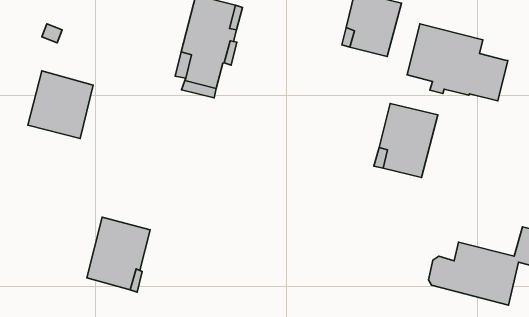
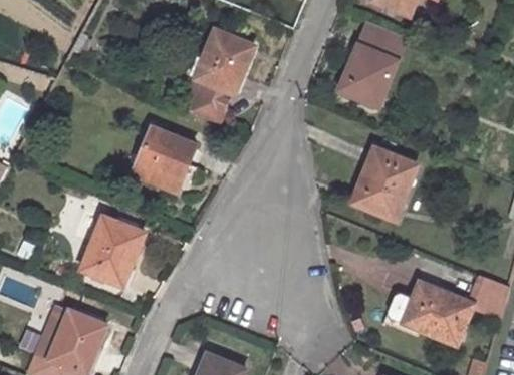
building: [407,24,508,101] -> none
building: [28,71,93,138] -> [132,126,195,192]

